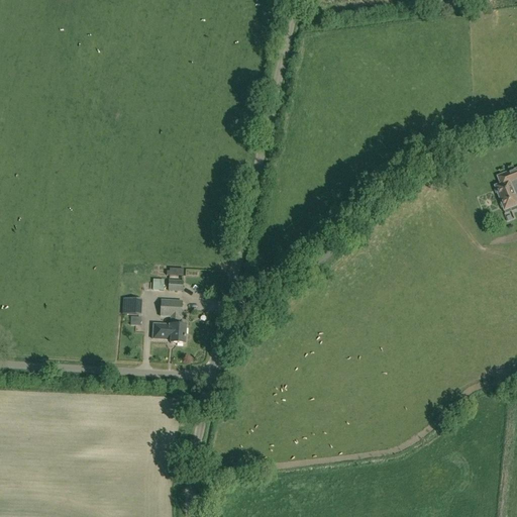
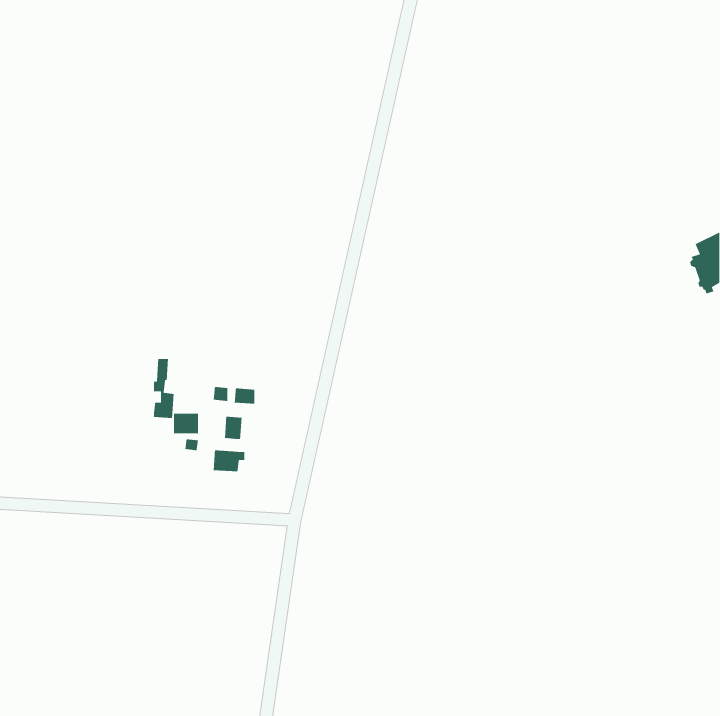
building: [171,299,186,342] -> [153,358,174,419]

